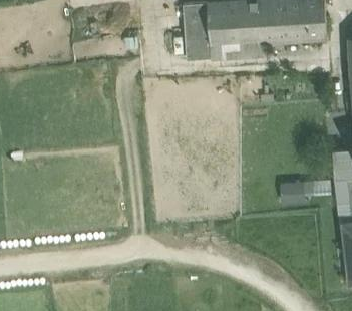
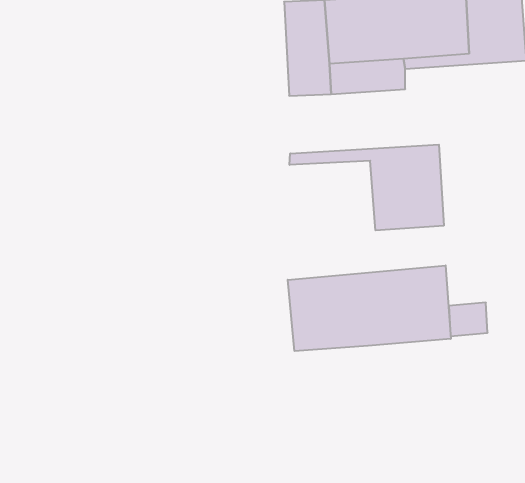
building: none -> [290,145,444,230]
building: none -> [288,265,451,351]

